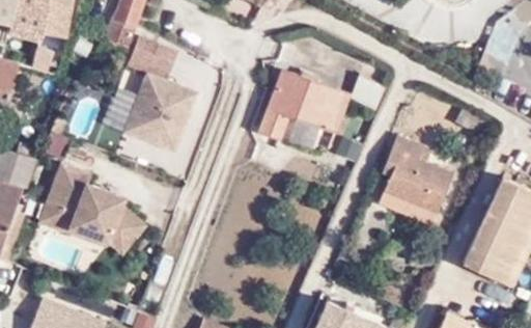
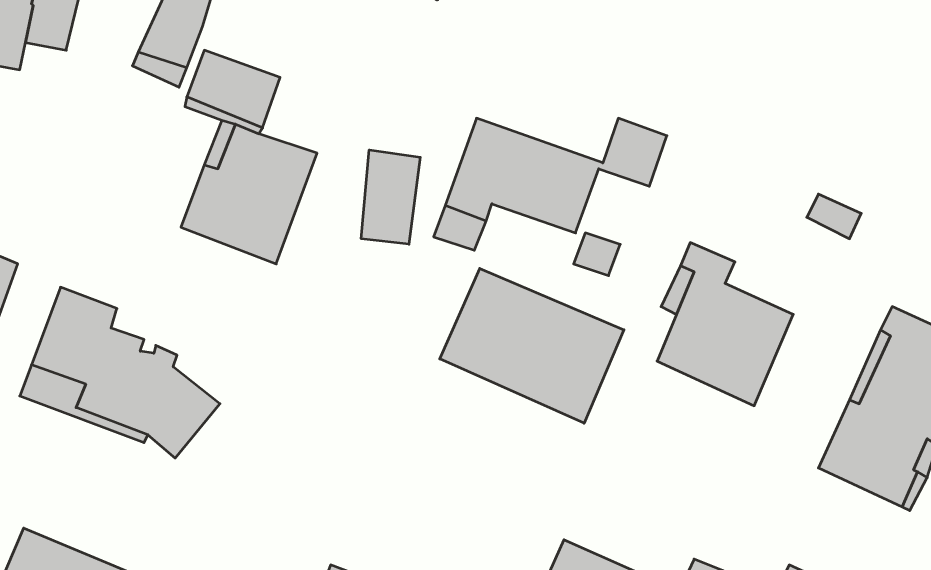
building: none -> [361,150,420,244]
building: none -> [440,268,624,423]

